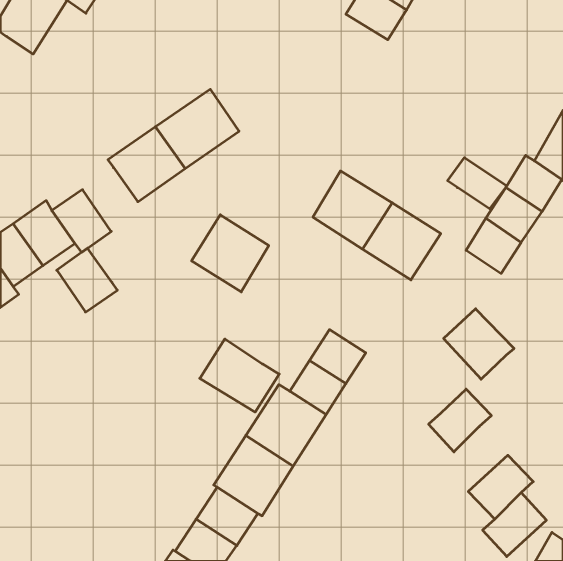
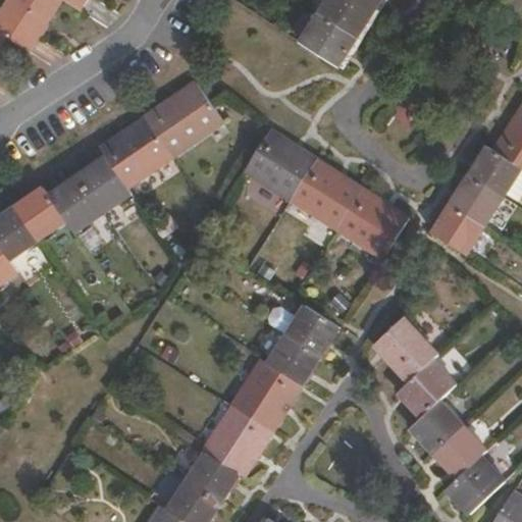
building: none -> [302,13,359,66]
building: [448,158,507,209] -> none
building: [192,215,269,292] -> [244,129,315,201]
building: [57,248,117,312] -> [76,155,133,214]
building: [444,309,514,379] -> [373,317,438,382]
building: [200,339,279,412] -> none
building: none -> [409,395,470,455]

